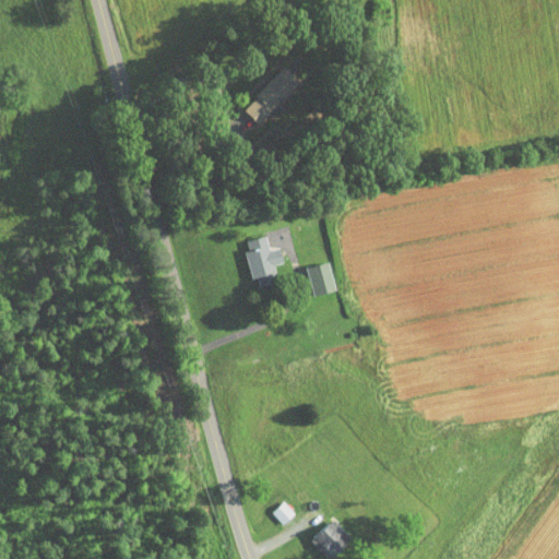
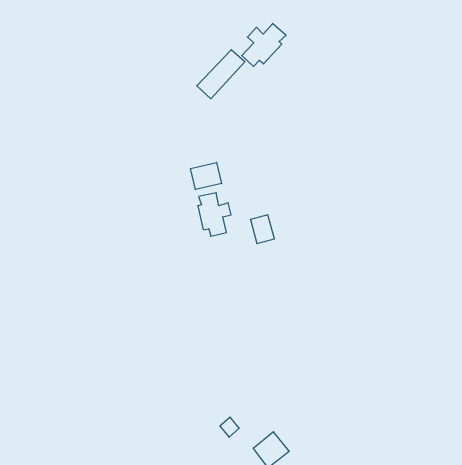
building: none -> [242,23,286,66]
building: none -> [190,162,222,190]

